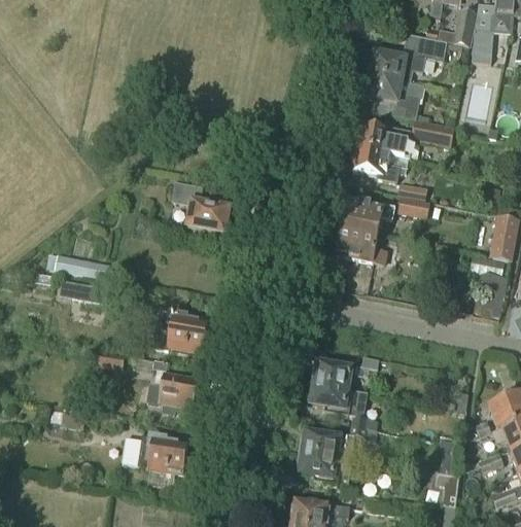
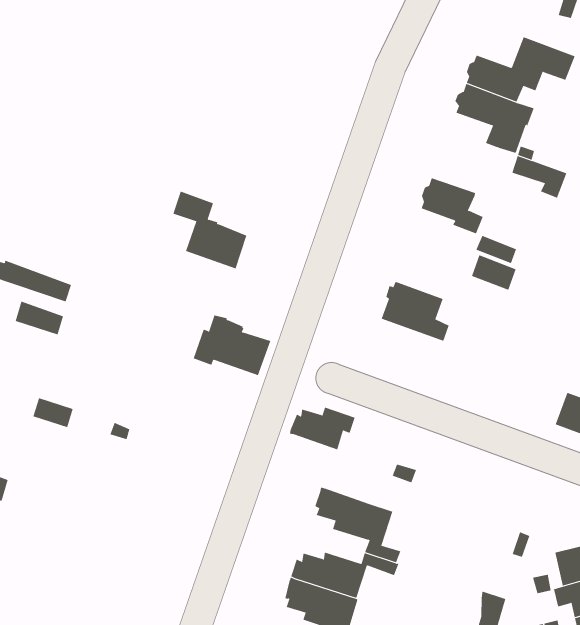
building: [355,126,406,155] -> none
building: [340,197,394,232] -> none
building: [153,311,208,350] -> [193,315,271,376]
building: [311,358,357,388] -> [289,407,356,450]
building: [146,374,198,413] -> none
building: [121,435,187,471] -> none

